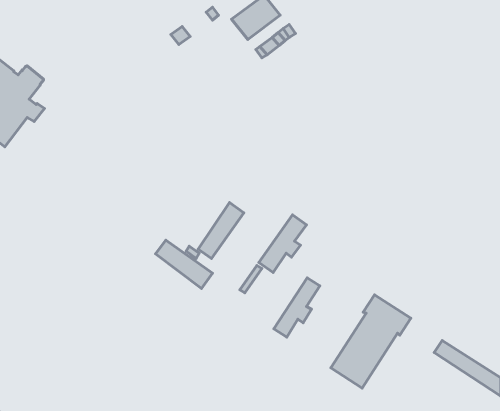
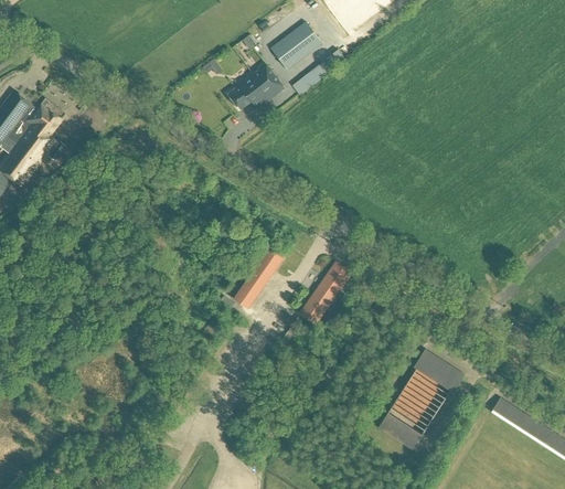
building: none -> [227,62,285,109]
building: [156,240,212,288] -> none
building: [274,278,320,337] -> none

